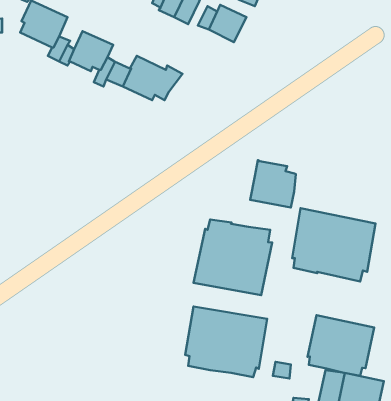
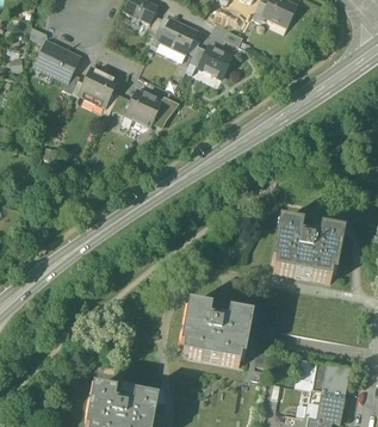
building: [250,160,296,208] -> none
building: [194,219,272,295] -> none
building: [307,315,374,376] -> none

